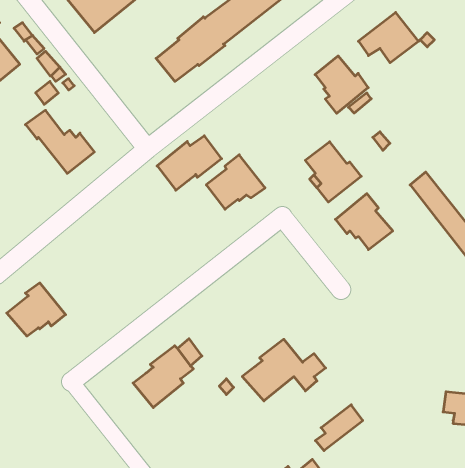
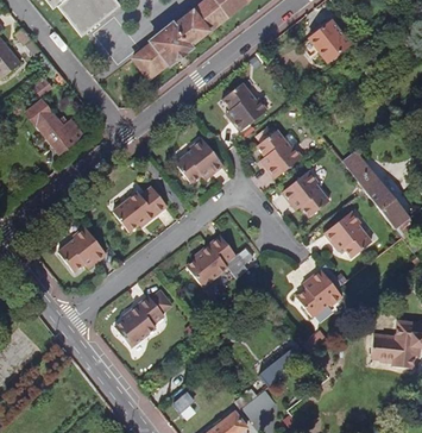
building: [315,56,368,113] -> [222,82,266,130]
building: [157,136,222,190] -> [113,186,166,231]
building: none -> [323,211,371,258]
building: [7,283,66,336] -> [57,226,106,270]
building: none -> [295,269,344,318]
building: [242,339,326,401] -> [185,234,254,285]

